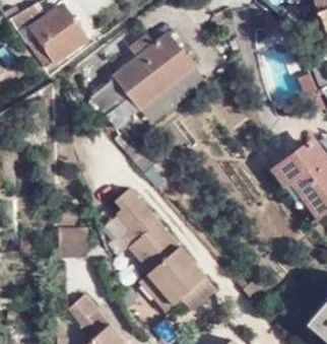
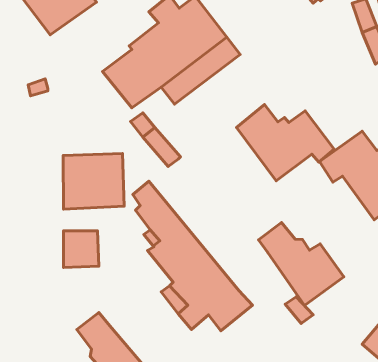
building: none -> [237,105,334,181]
building: none -> [63,153,124,209]
building: none -> [259,222,344,306]

